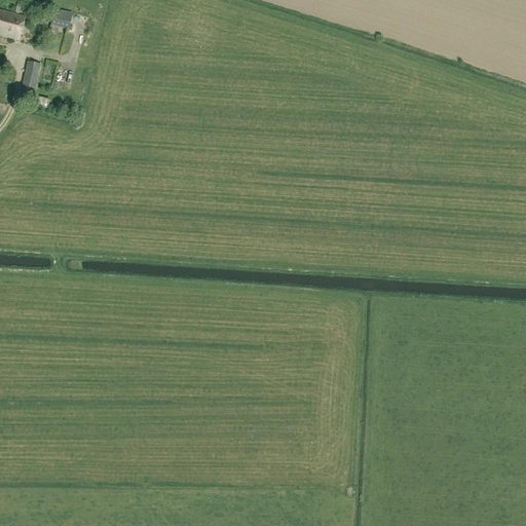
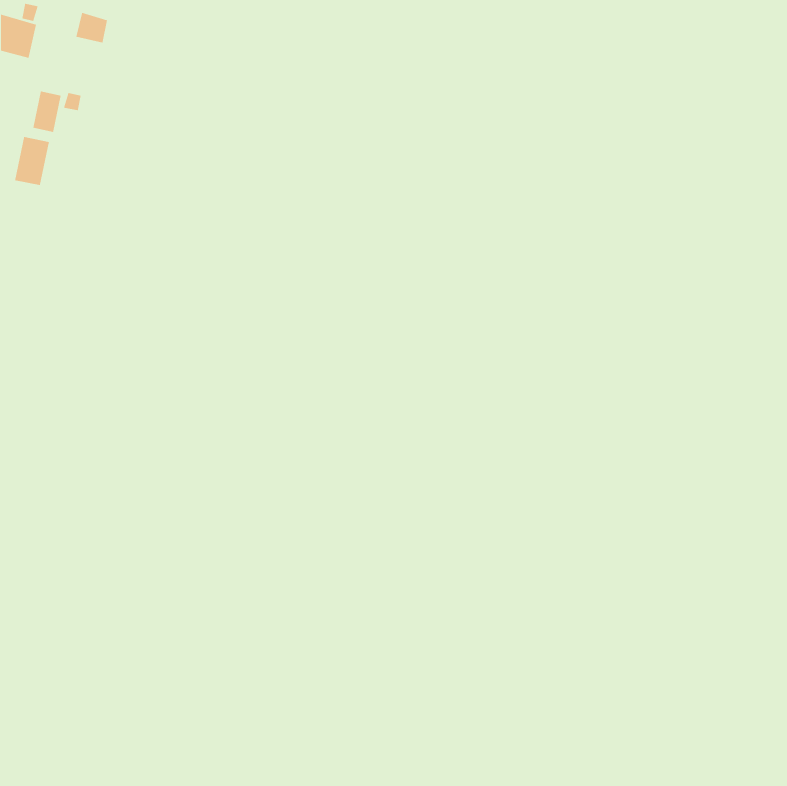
building: none -> [15,136,49,186]

